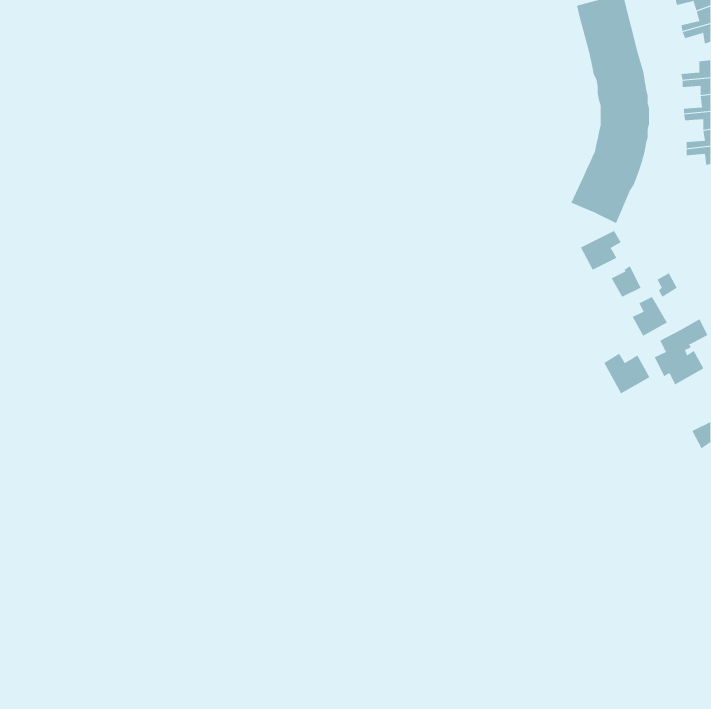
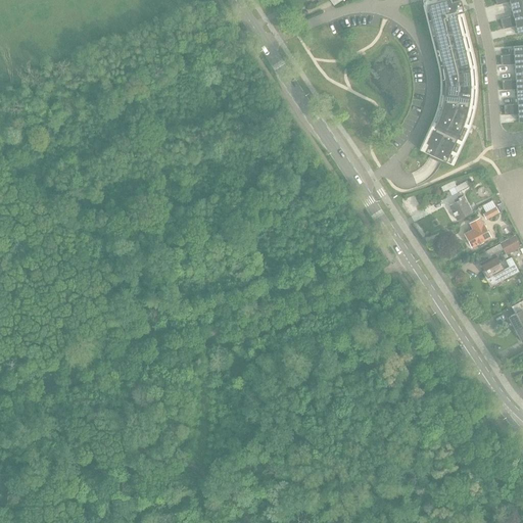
building: [580,230,621,270] -> none
building: [603,353,650,394] -> none

